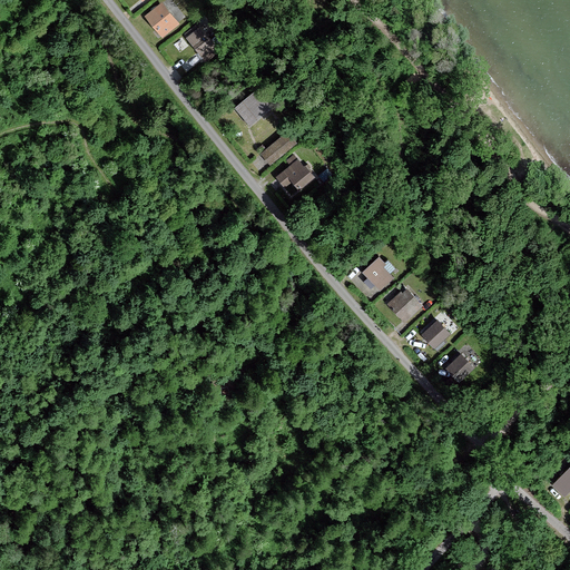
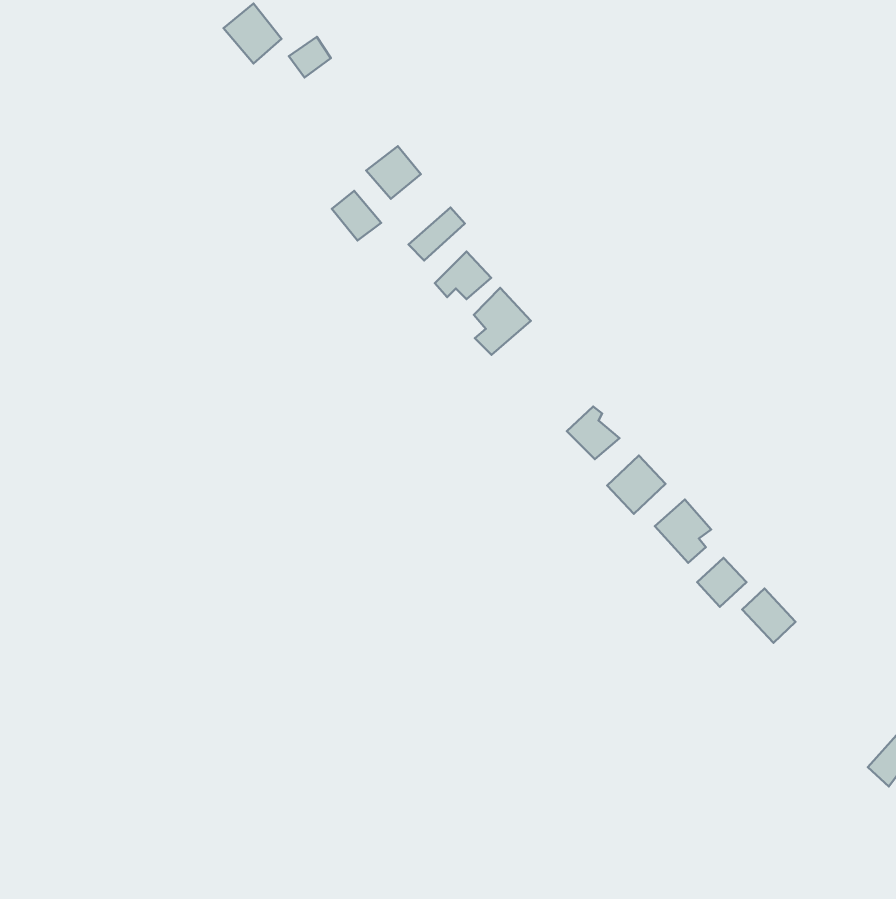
building: none -> [332,191,381,241]
building: none -> [474,288,531,355]
building: none -> [742,589,796,643]

